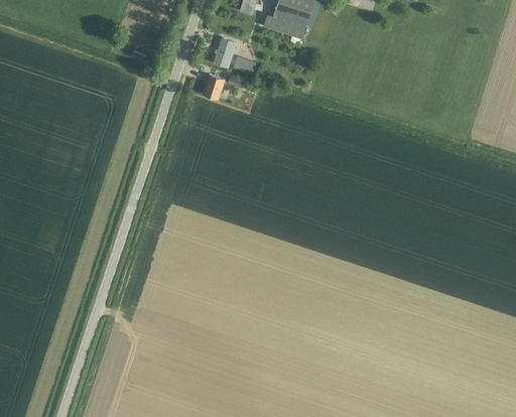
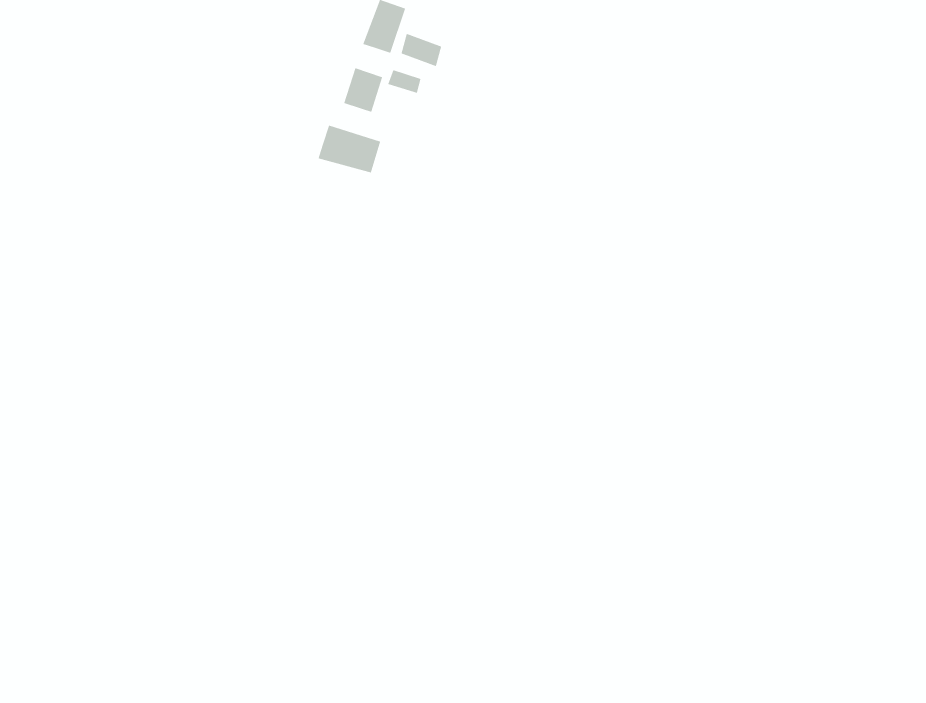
building: none -> [318,124,381,174]

